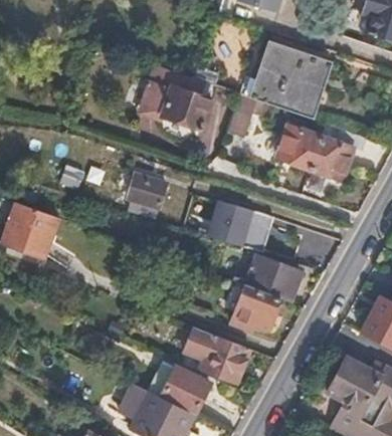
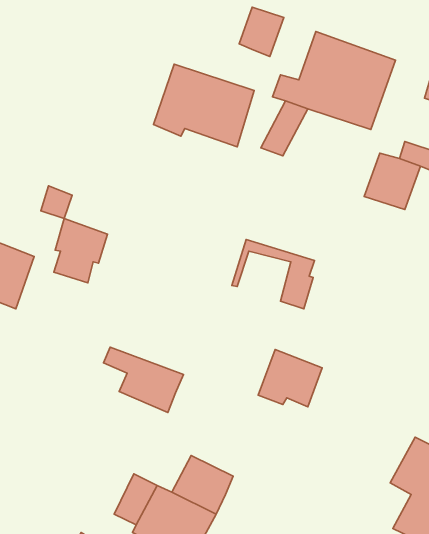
building: none -> [239,7,284,56]
building: [276,126,320,170] -> none
building: [123,171,164,220] -> [54,219,108,283]
building: [210,212,251,250] -> none
building: [239,258,298,304] -> none
building: [187,329,248,379] -> [104,347,183,413]

